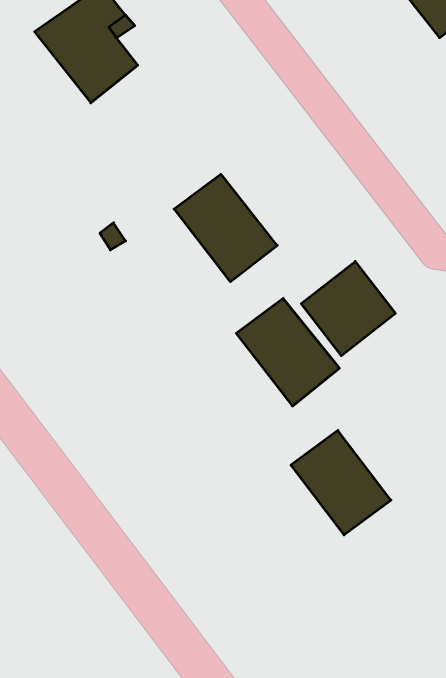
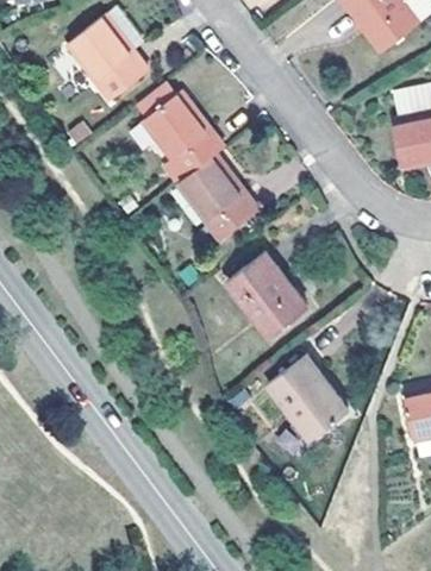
building: none -> [143,93,223,184]
building: [301,261,395,356] -> none

